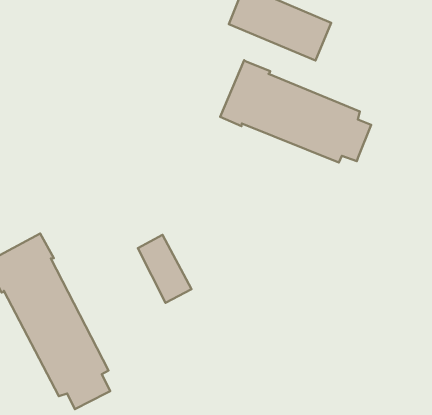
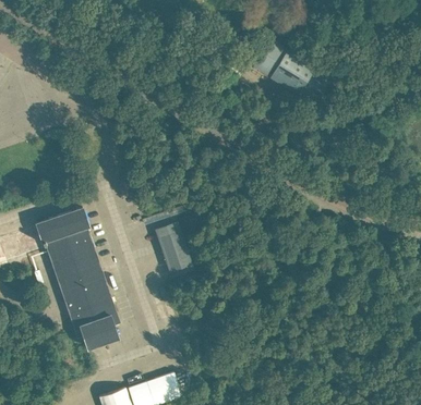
building: [220,60,371,163] -> none

